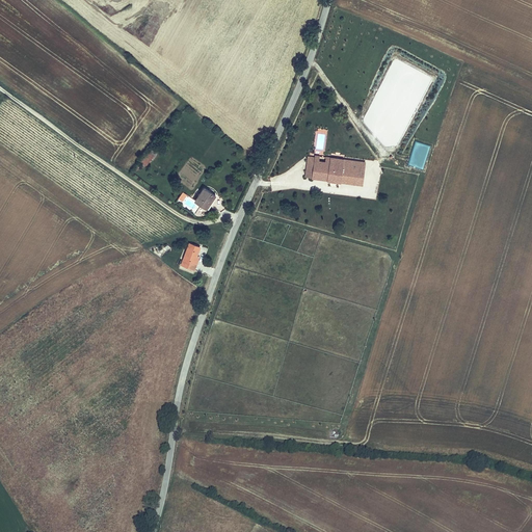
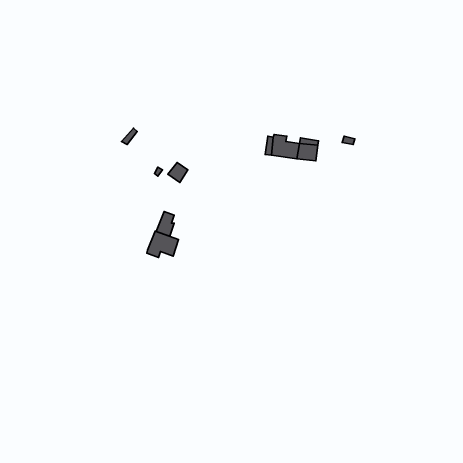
building: none -> [147,231,179,257]

